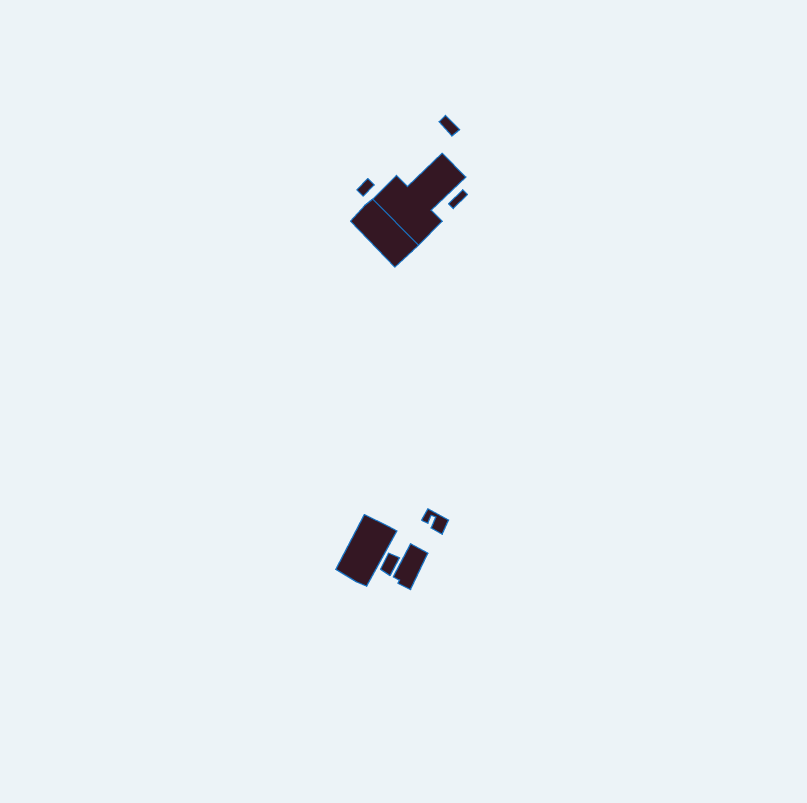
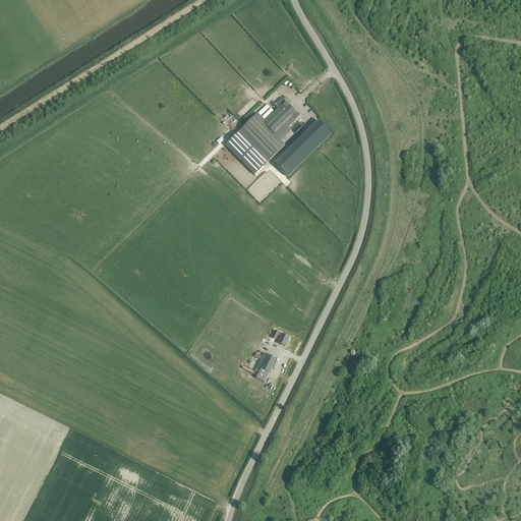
building: none -> [274,118,332,174]
building: [336,515,397,586] -> none

